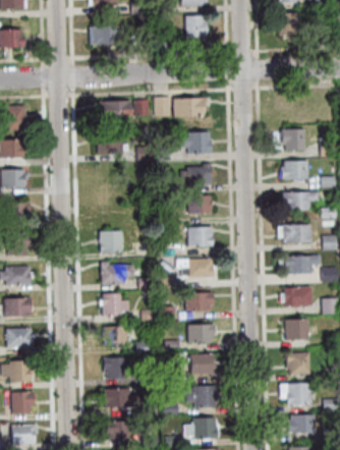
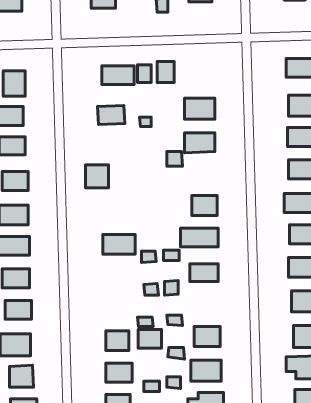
building: [174,98,205,117] -> none
building: [188,195,211,214] -> none
building: [100,230,122,252] -> [85,165,108,188]
building: [103,294,128,316] -> none
building: [188,325,217,343] -> none
building: [105,327,127,345] -> [138,329,161,348]

